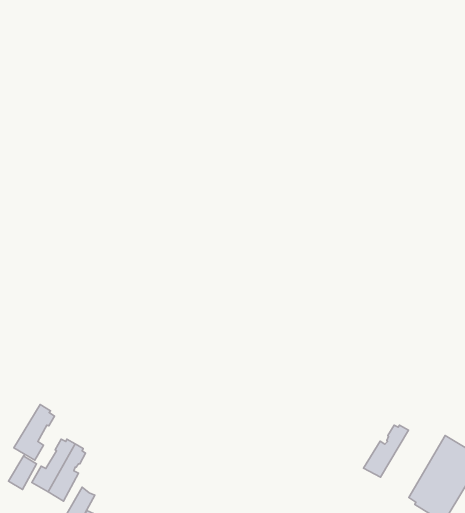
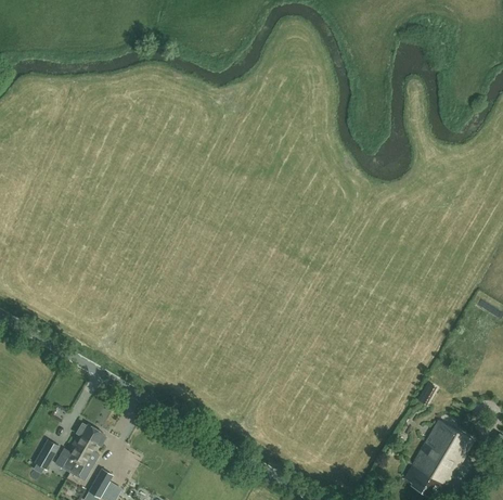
building: [14,405,55,460] -> none
building: [364,425,408,477] -> none

